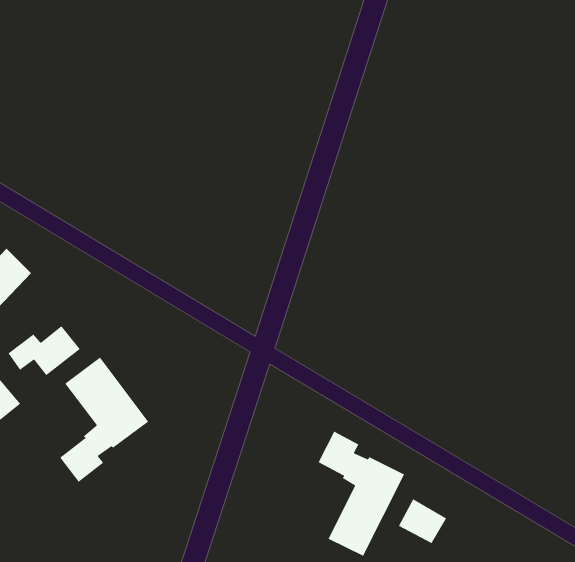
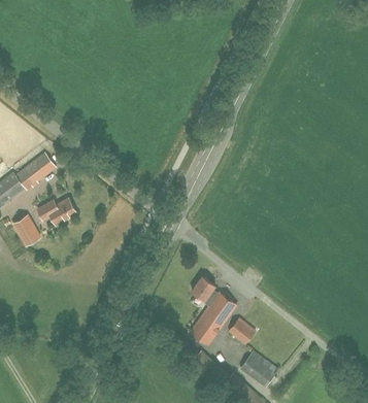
building: [59,357,149,483] -> none

